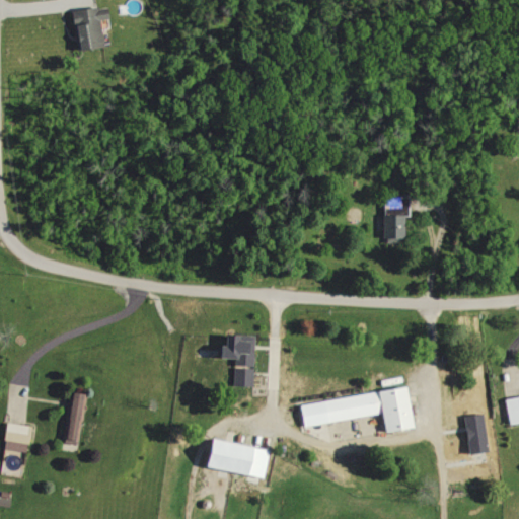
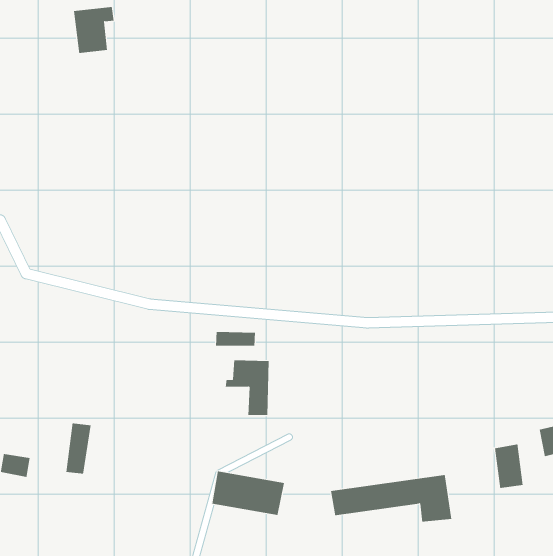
building: [382,197,406,240] -> none
building: none -> [216,331,255,347]
building: [299,387,413,432] -> [330,474,452,522]

